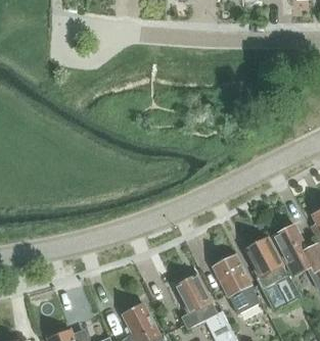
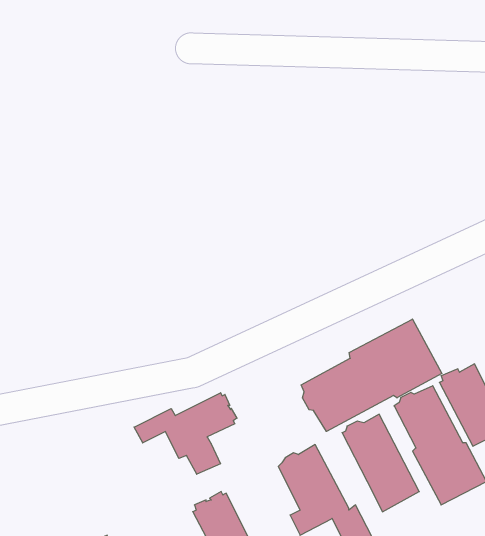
building: none -> [301,319,442,431]
building: none -> [134,393,237,474]

